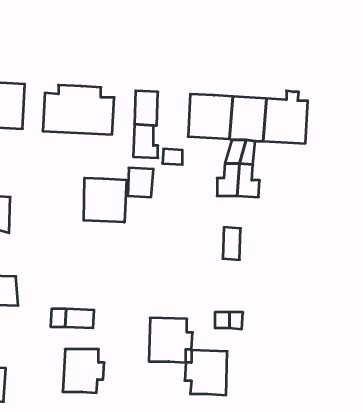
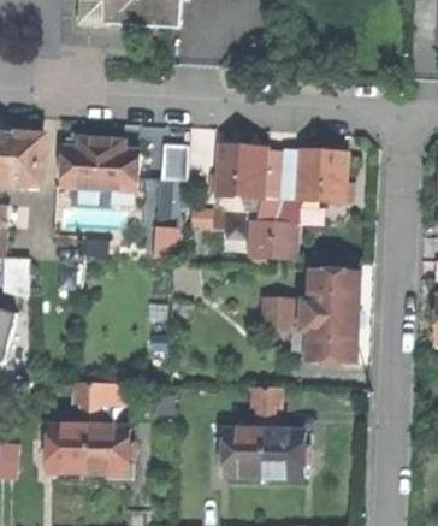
building: [84,178,126,222] -> none
building: none -> [297,265,356,359]
building: [149,318,193,363] -> [260,425,307,473]
building: none -> [37,421,87,468]

